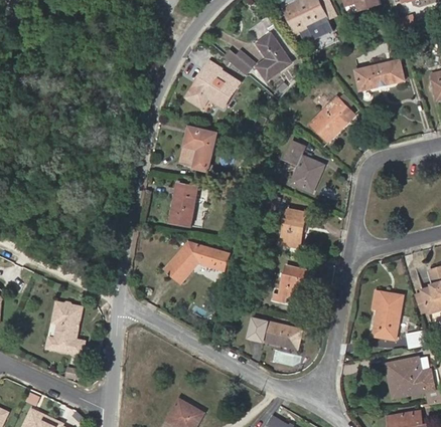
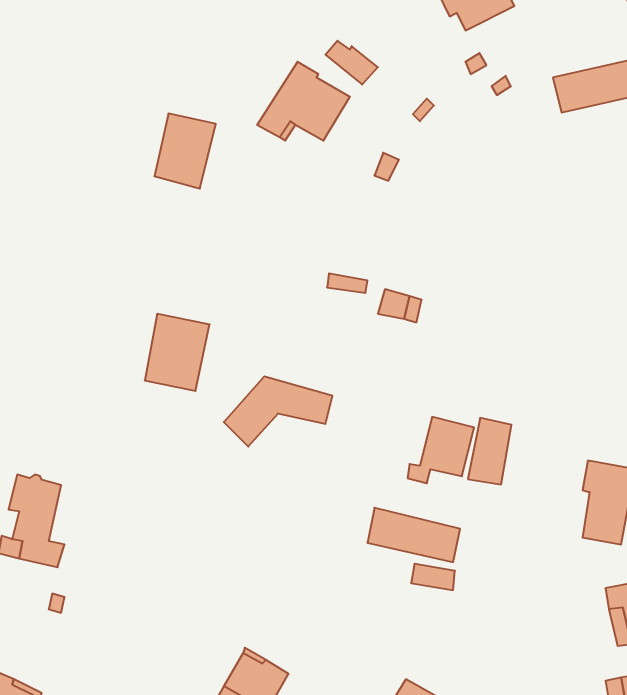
building: [257,34,291,80] -> none
building: [310,97,354,142] -> none
building: [181,128,216,171] -> [154,113,216,189]
building: [285,142,323,192] -> none
building: [171,184,208,228] -> [145,314,210,391]
building: [280,209,305,247] -> [468,418,512,484]

